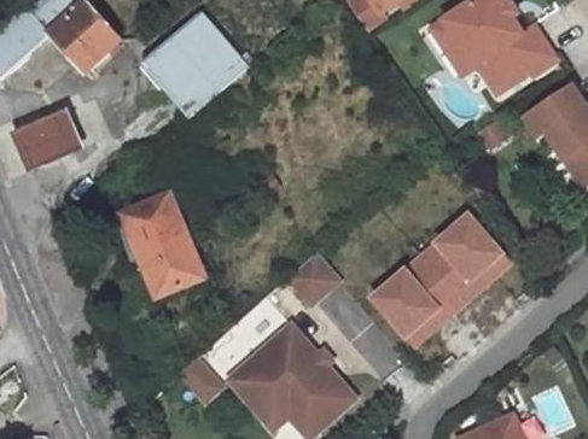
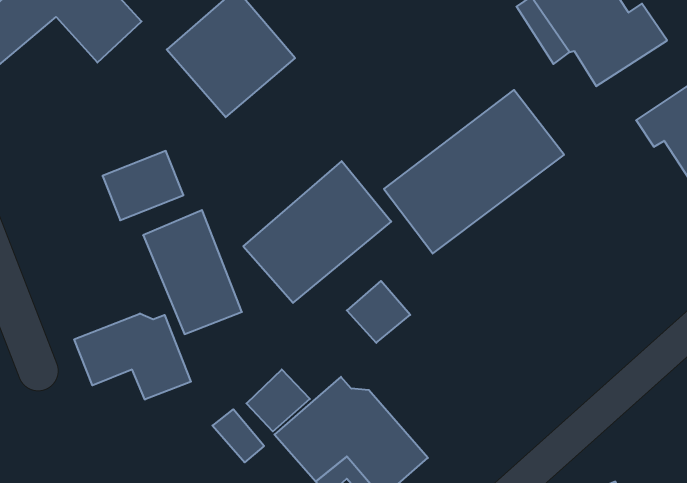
building: [19,111,86,168] -> [102,151,184,220]
building: none -> [243,161,391,303]
building: [369,212,517,346] -> [384,90,564,254]
building: none -> [74,313,191,400]

